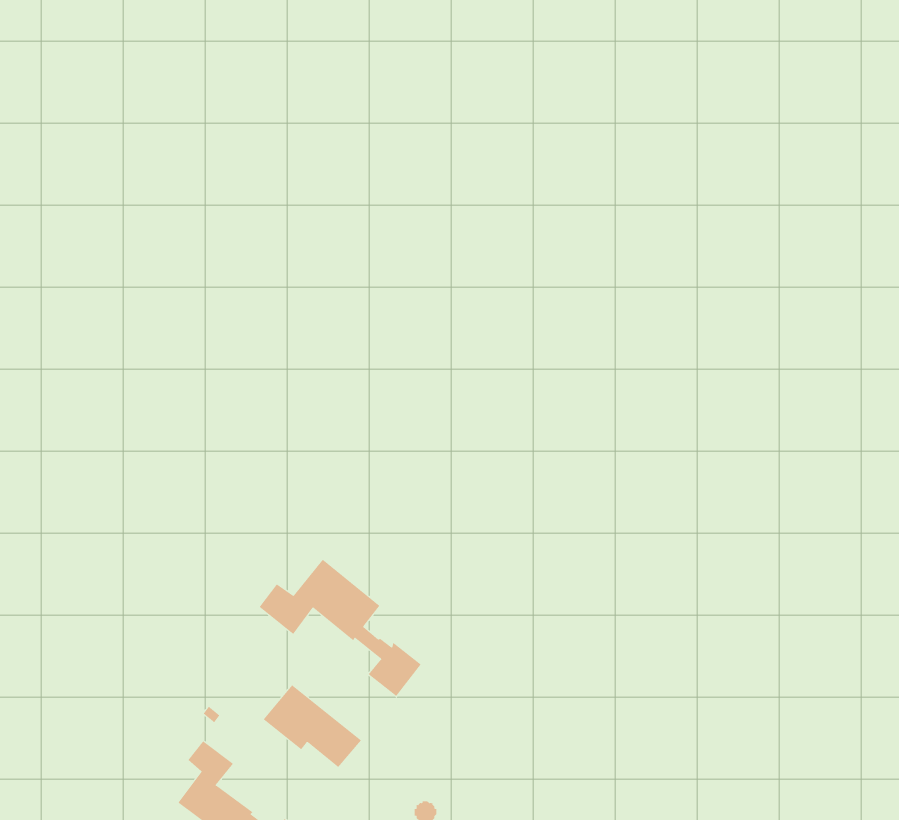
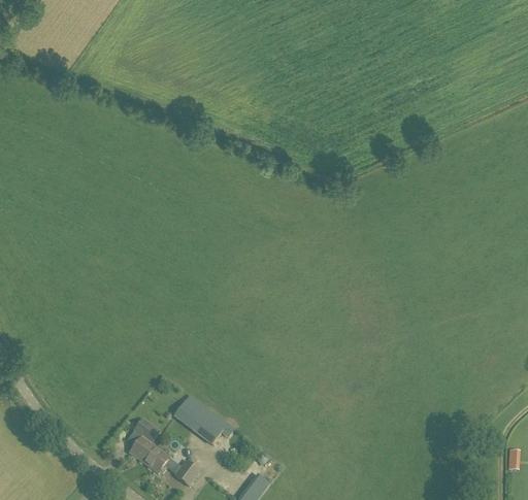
building: [259,559,422,697] -> none

